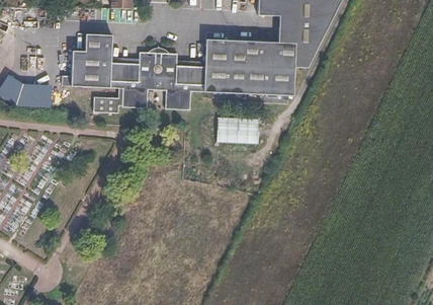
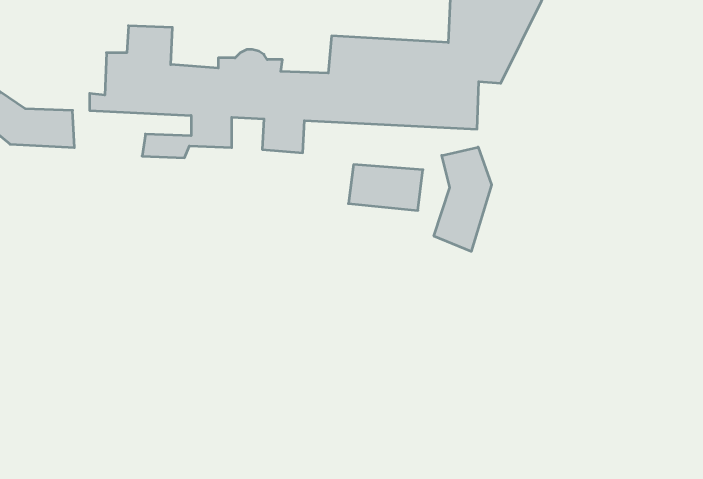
building: none -> [434,147,492,251]

